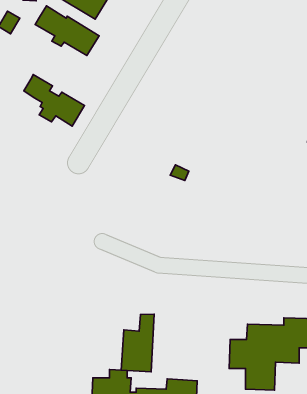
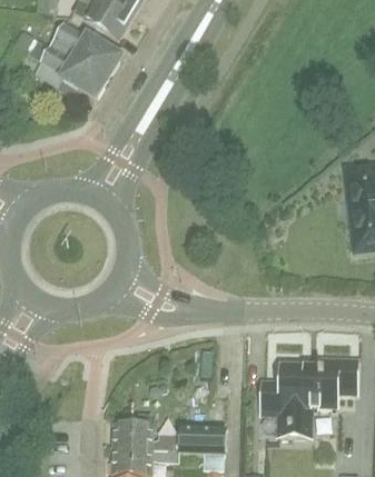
building: [24,74,85,126] -> [41,42,107,98]
building: [121,314,154,372] -> none

